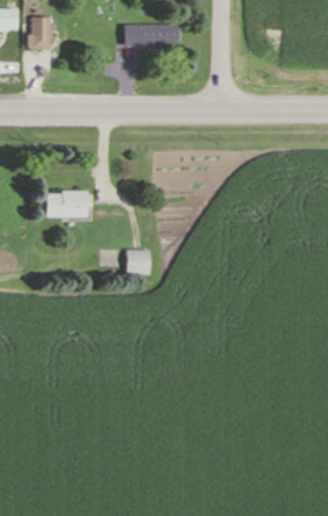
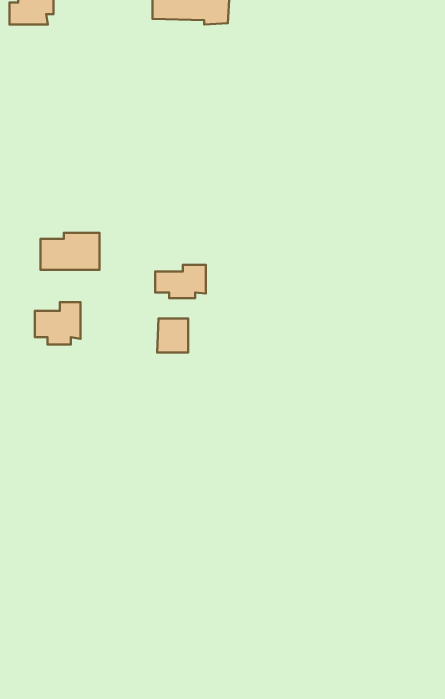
building: none -> [155,265,206,298]
building: none -> [35,302,80,344]

